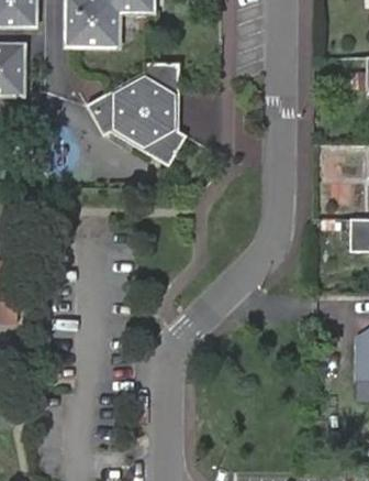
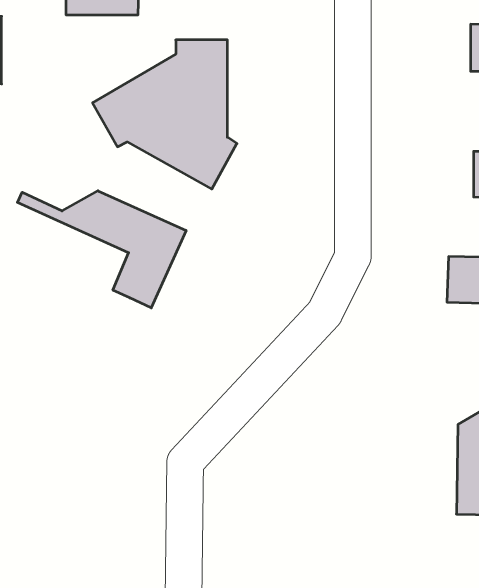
building: none -> [17,191,186,308]

